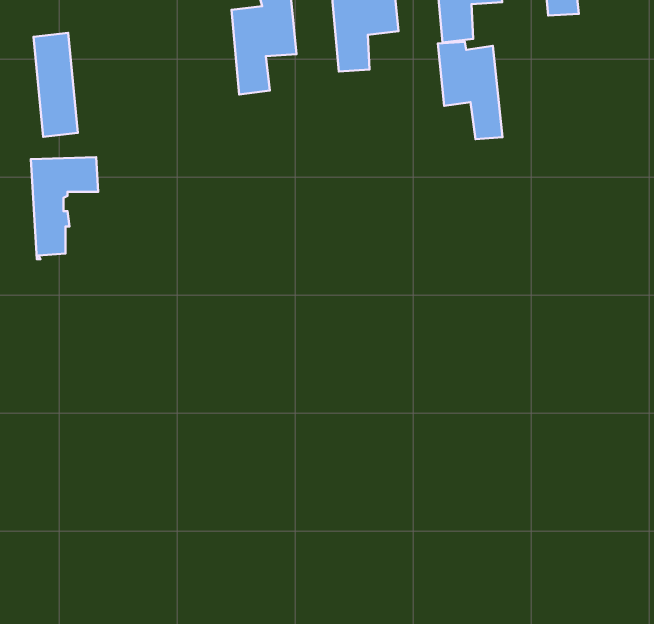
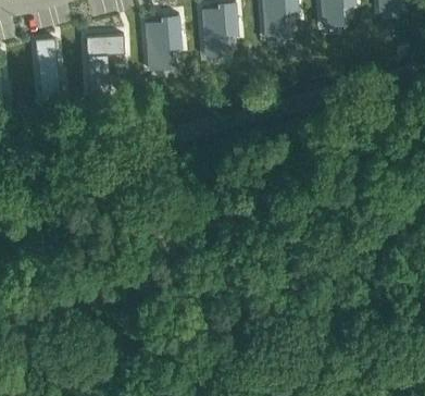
building: [438,42,503,139] -> none
building: [31,157,98,259] -> [84,30,122,88]

